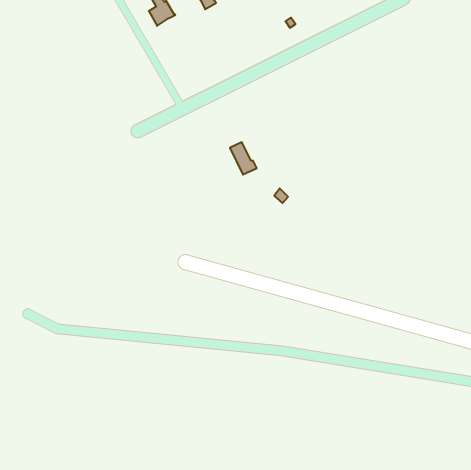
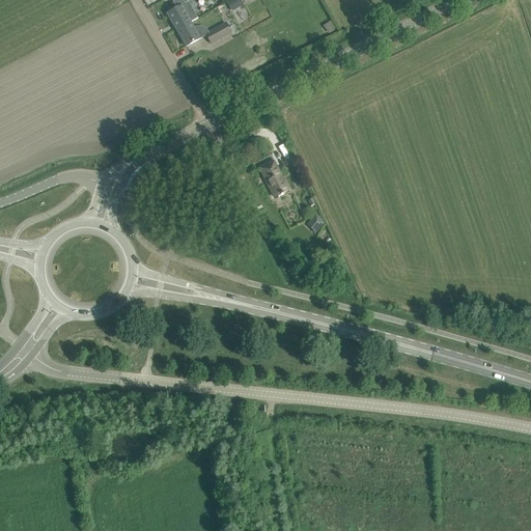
building: none -> [176,21,230,45]

